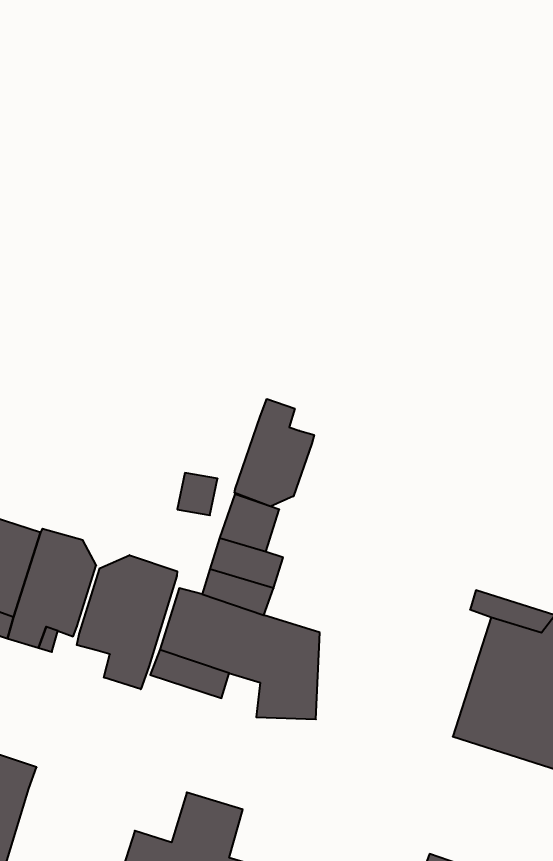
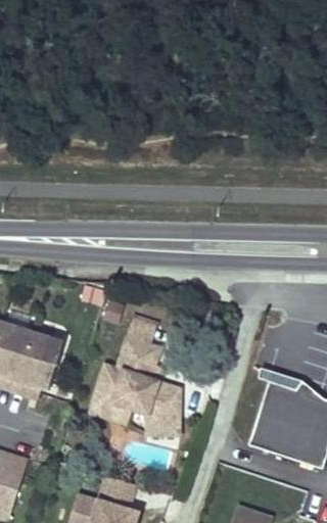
building: [235,399,314,506] -> none
building: [77,555,177,689] -> none

